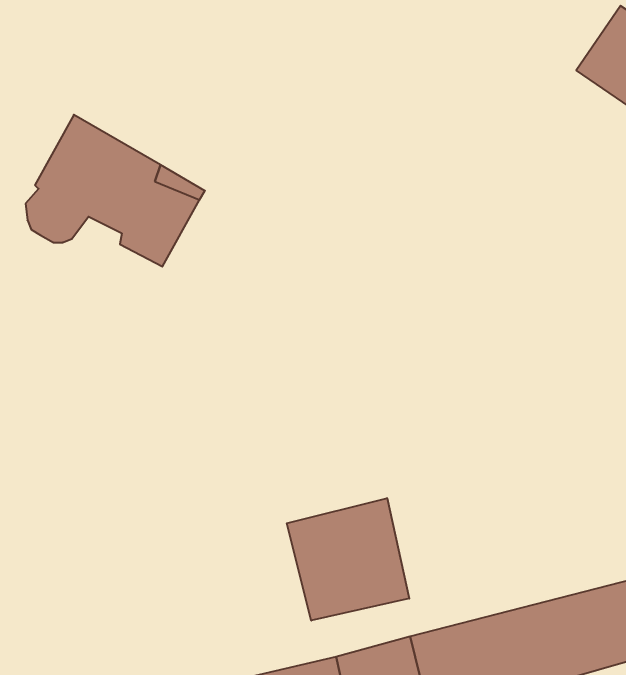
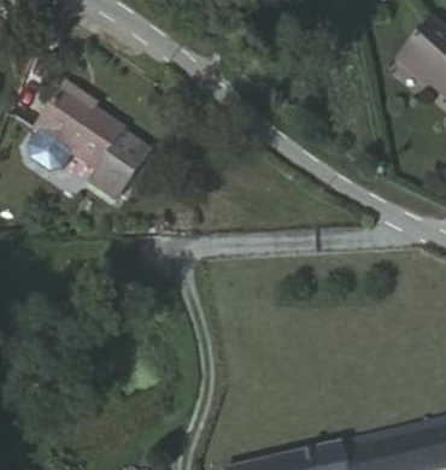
building: [287,498,409,621] -> none

